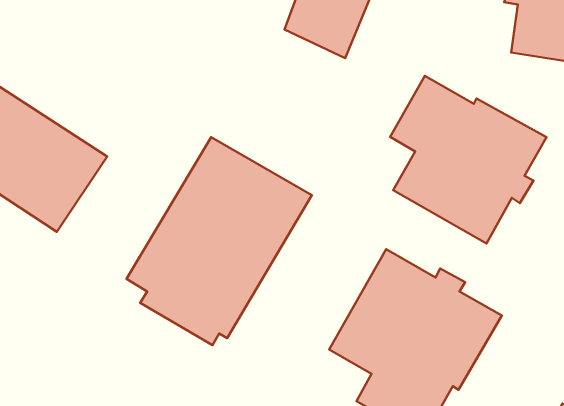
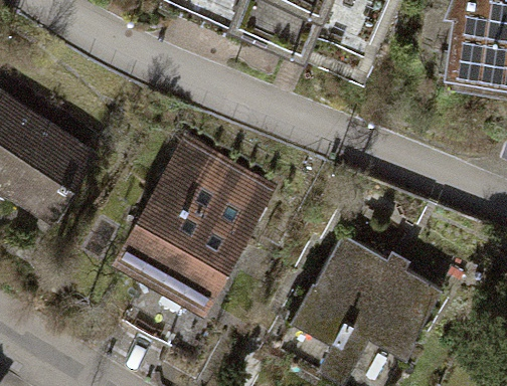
building: [390,76,547,243] -> none

